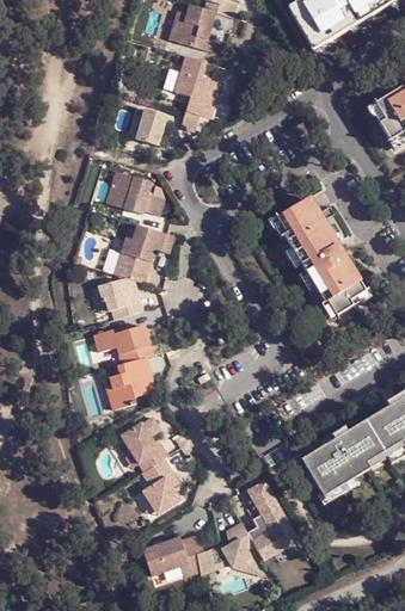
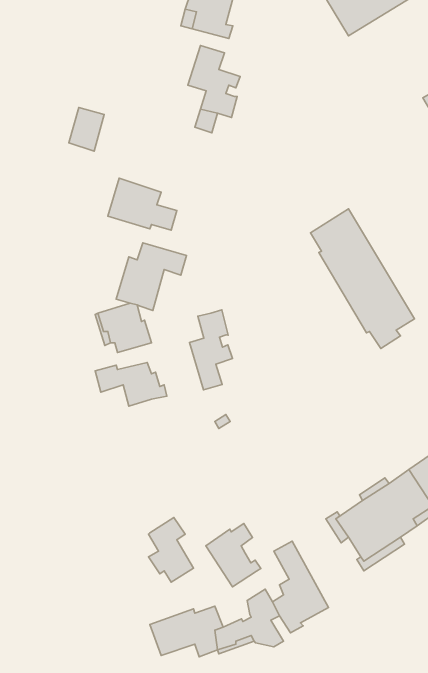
building: [136,110,166,147] -> [69,108,104,151]
building: none -> [190,310,232,390]
building: [103,358,153,411] -> none
building: [119,418,166,471] -> [206,523,261,587]

